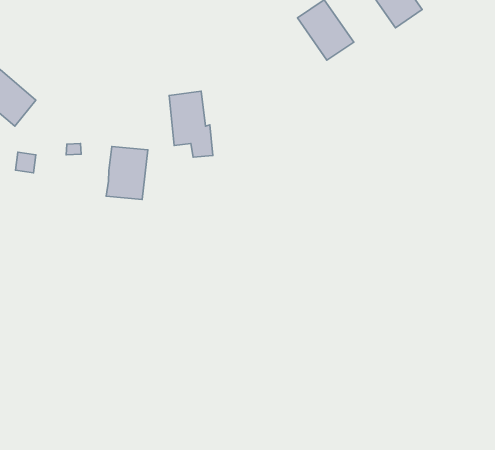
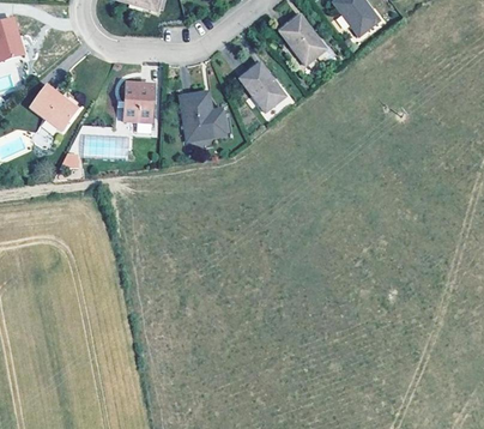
building: none -> [240,62,285,111]
building: [106,146,148,200] -> [123,81,155,122]

